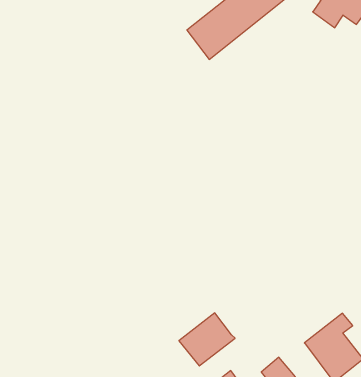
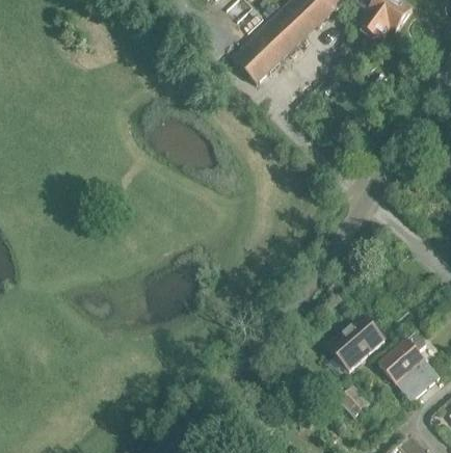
building: [179,313,235,366] -> [328,313,386,368]

